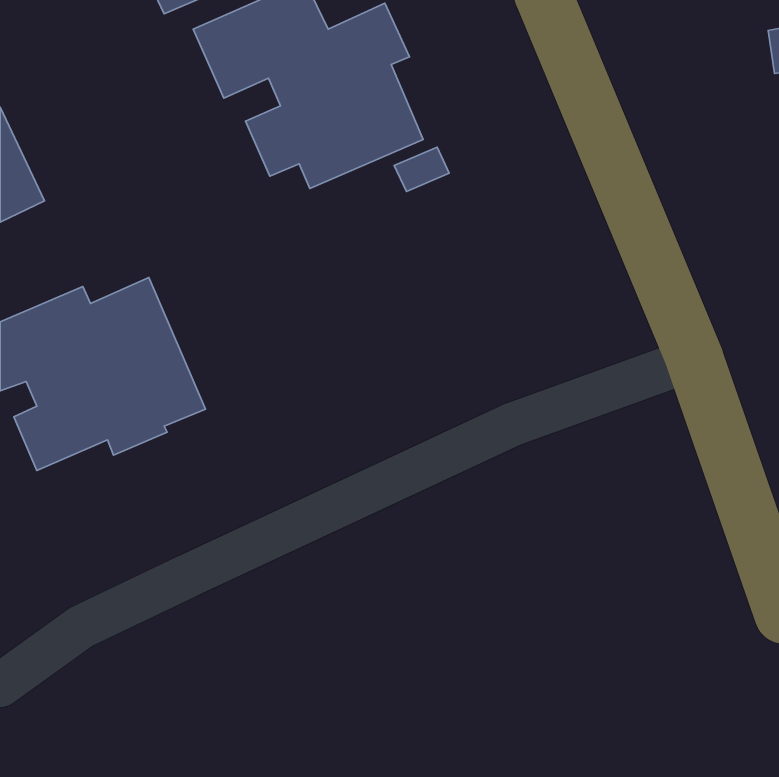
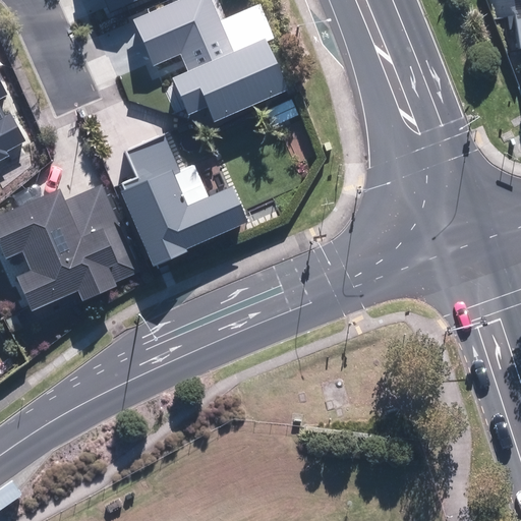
building: none -> [117,133,243,268]

